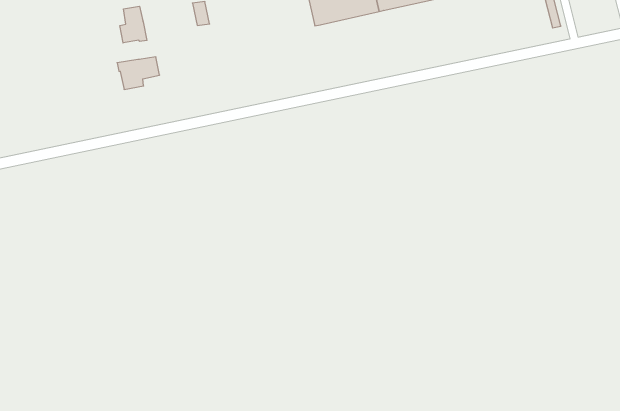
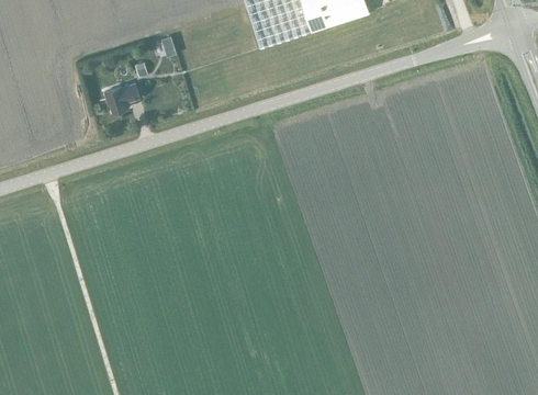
building: [120,6,147,43] -> none

